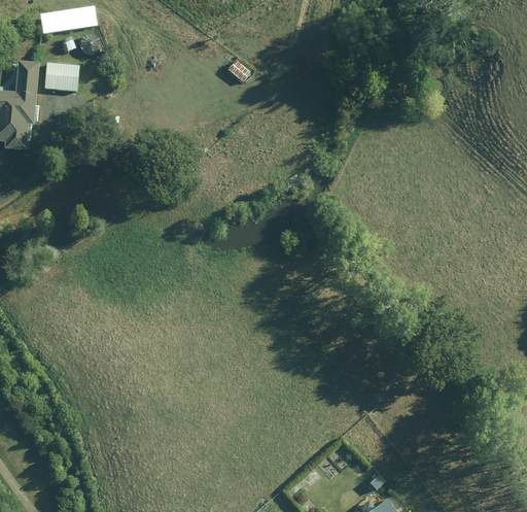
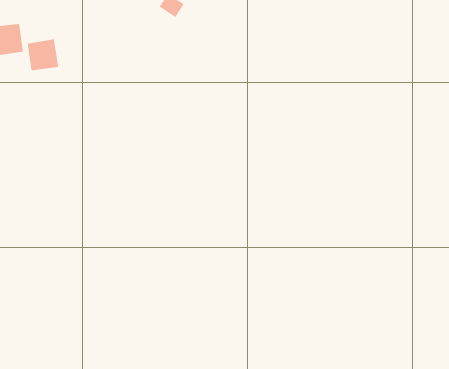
building: none -> [27,39,59,71]

